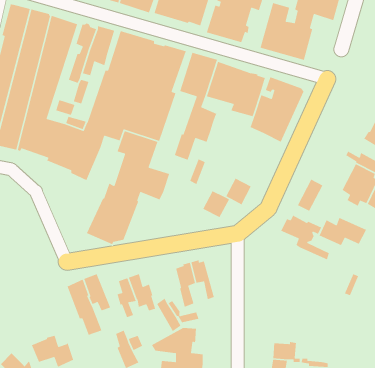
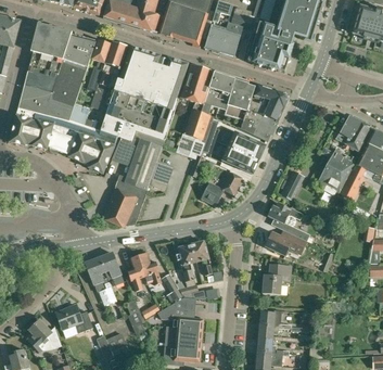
building: none -> [222,131,266,174]
building: [318,217,367,246] -> [266,230,307,255]
building: none -> [263,264,292,294]

